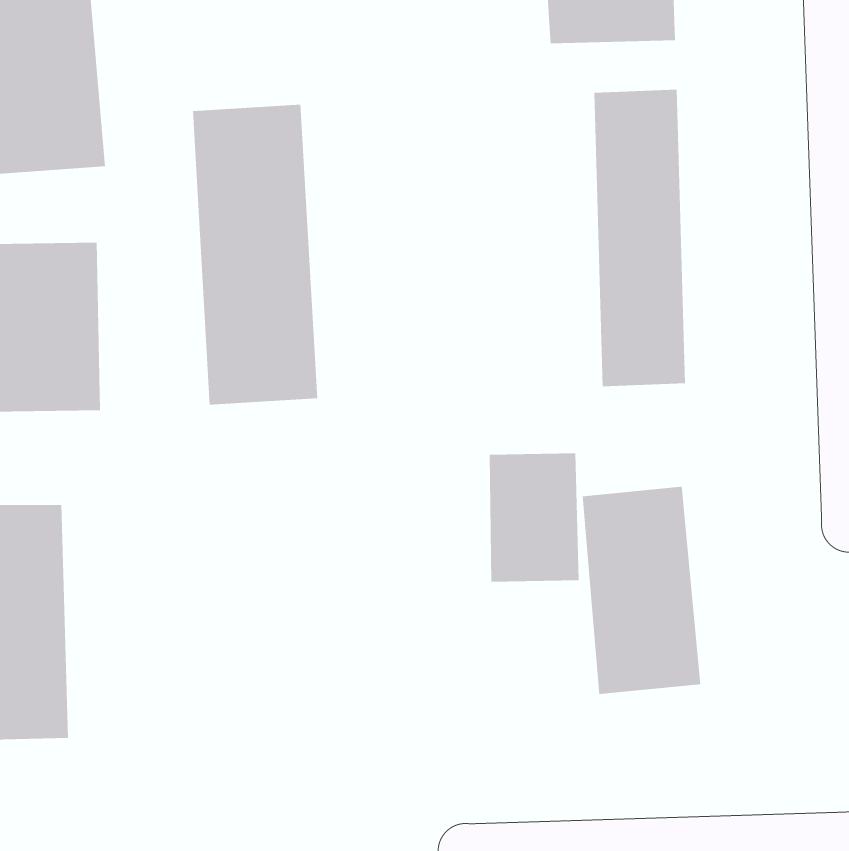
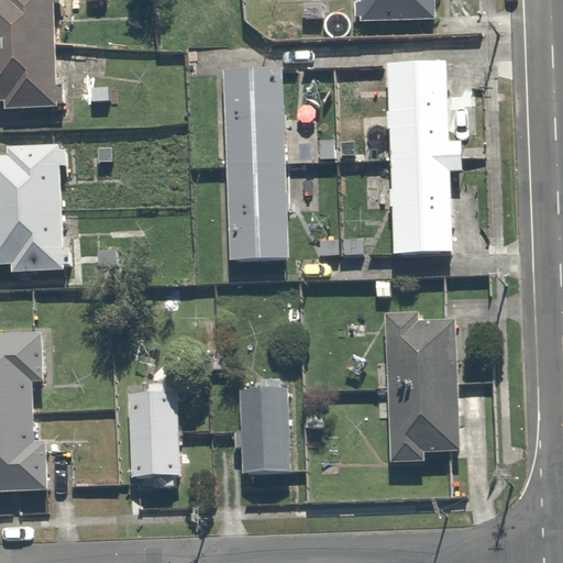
building: [192,104,318,405] -> [218,57,300,254]
building: [489,453,580,582] -> [233,389,292,474]
building: none -> [123,386,192,473]

